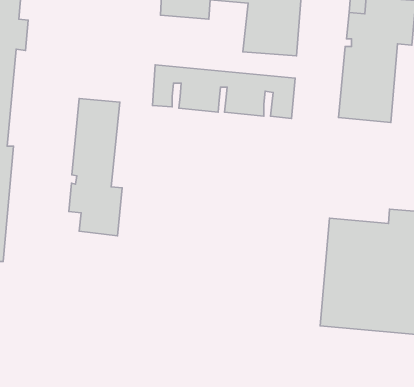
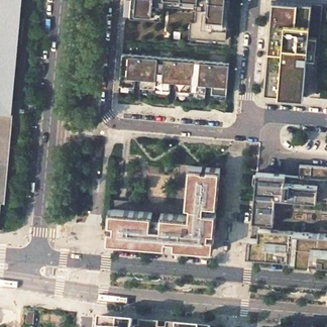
building: [69,98,122,236] -> none
building: none -> [105,167,219,251]

